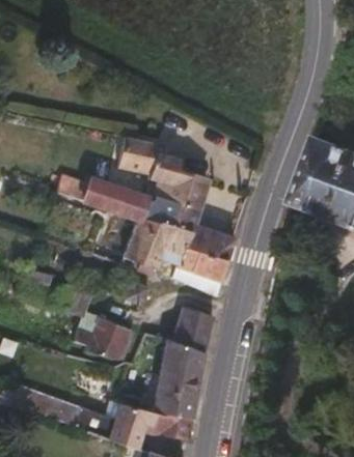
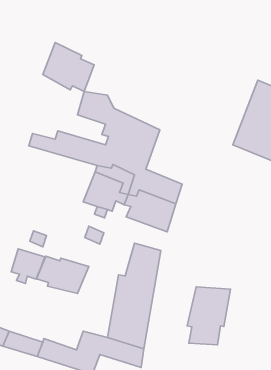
building: none -> [43,42,94,91]
building: none -> [11,249,45,283]
building: none -> [187,287,231,345]

